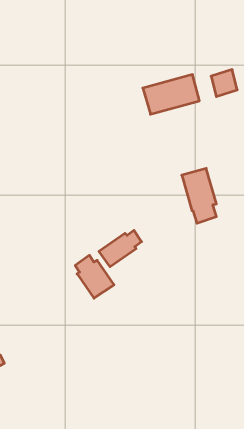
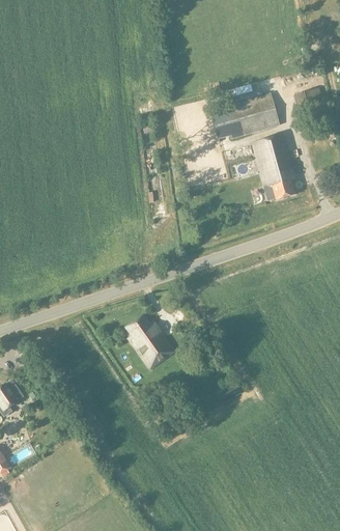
building: [182,168,216,223] -> [253,134,295,201]
building: [99,230,142,267] -> none

